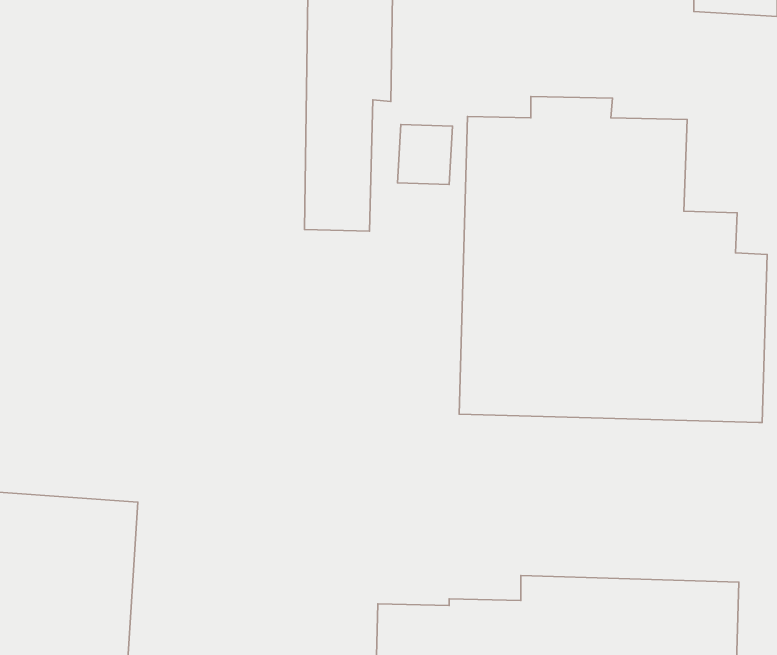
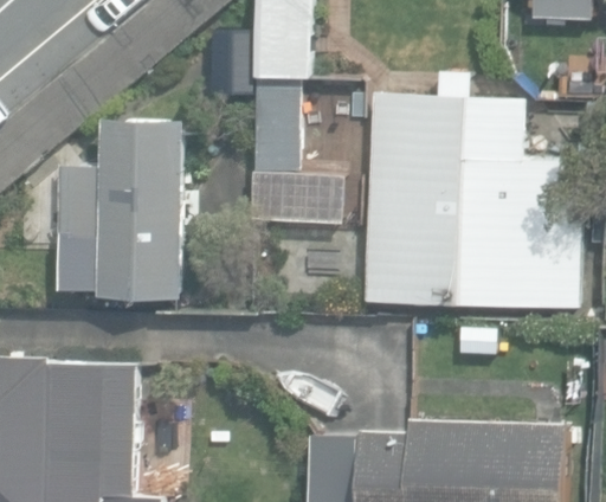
building: none -> [58,118,185,298]

